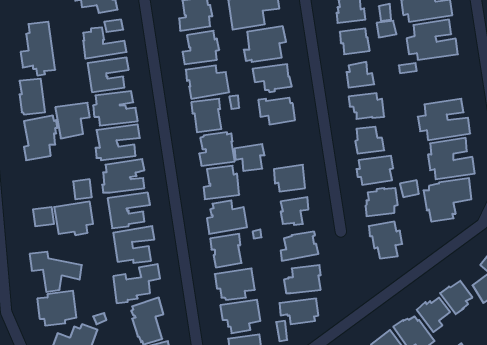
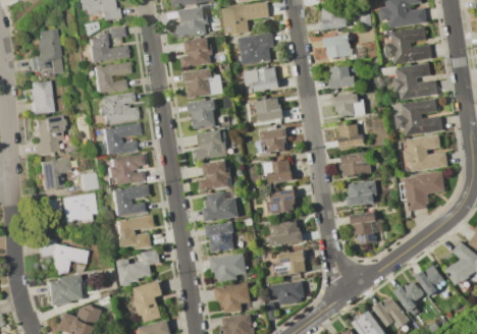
building: none -> [392,63,436,100]
building: [55,103,90,138] -> [39,158,70,190]
building: [234,144,265,171] -> [260,127,287,152]

